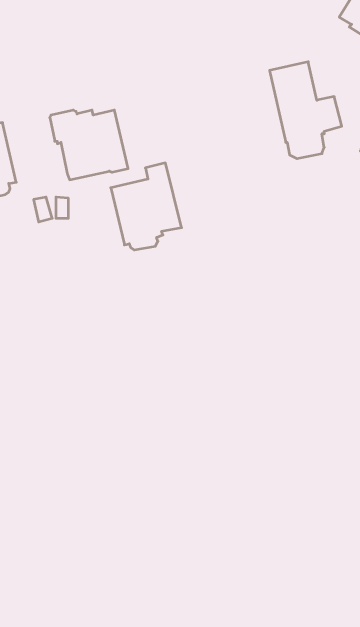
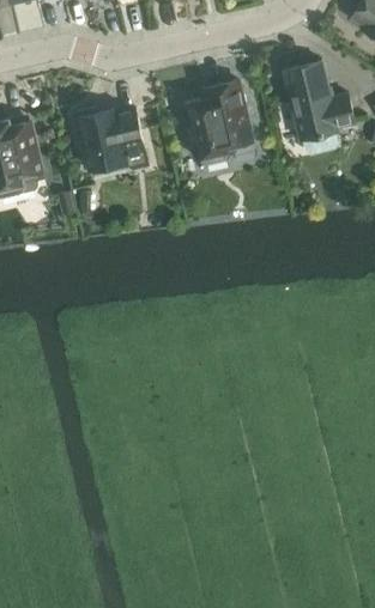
building: [111,163,182,250] -> [185,79,253,163]

